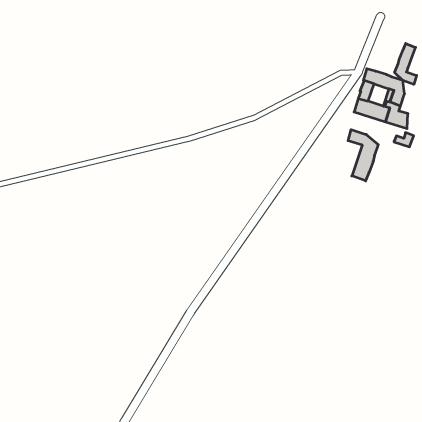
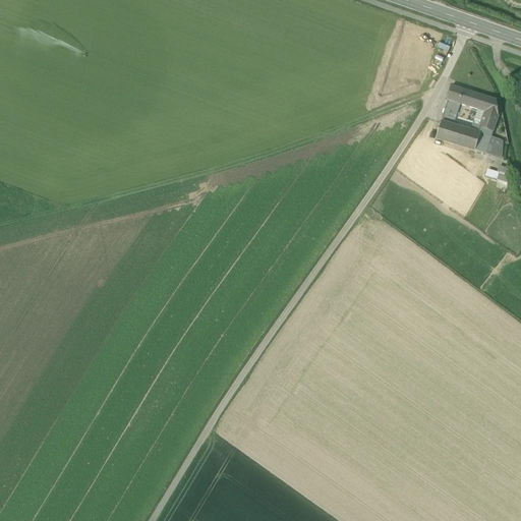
building: [395,43,417,84] -> none
building: [348,130,378,181] -> none

